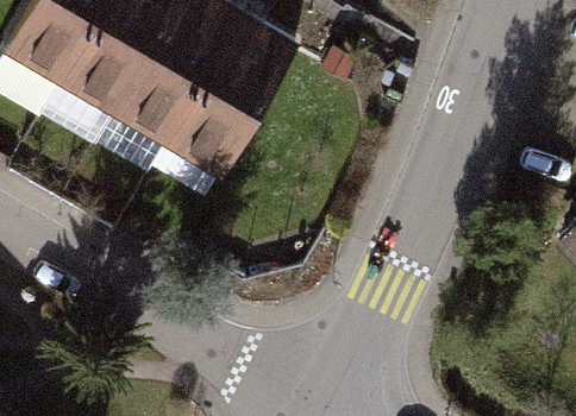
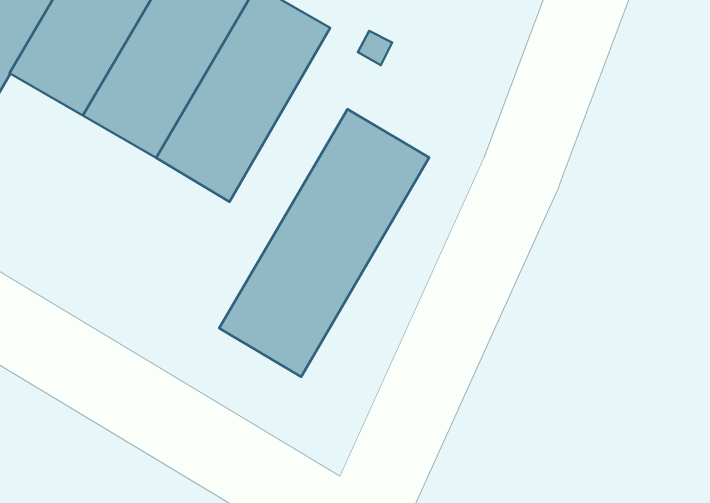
building: none -> [219,109,429,377]

